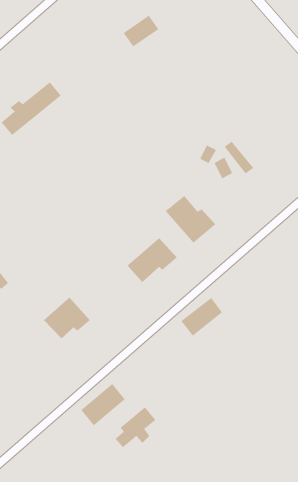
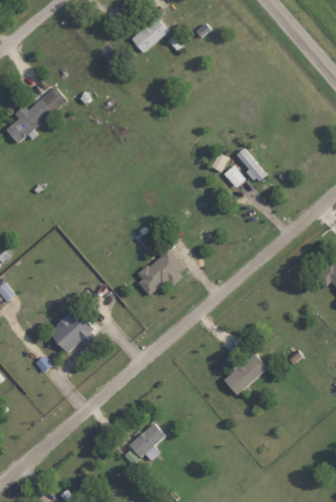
building: [165,195,216,244] -> none
building: [180,297,223,336] -> [224,353,267,394]
building: [81,383,126,426] -> none

